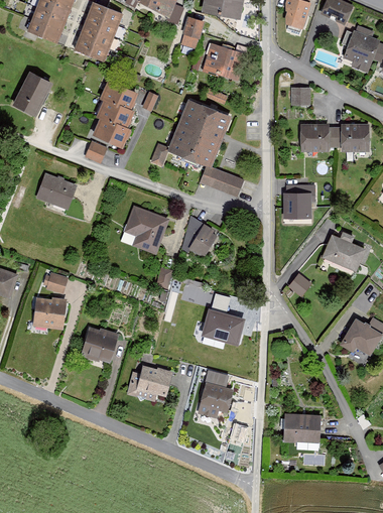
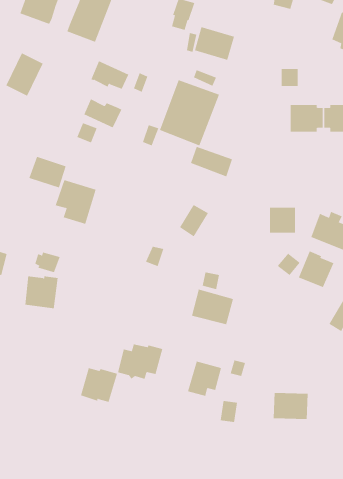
building: [95,99,135,126] -> none
building: [283,191,310,218] -> [269,207,296,233]
building: [124,207,166,252] -> [55,180,97,224]
building: none -> [298,251,334,288]
building: [80,327,118,362] -> [80,367,118,402]

